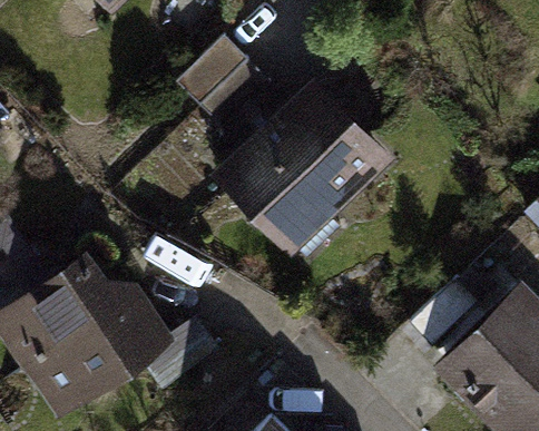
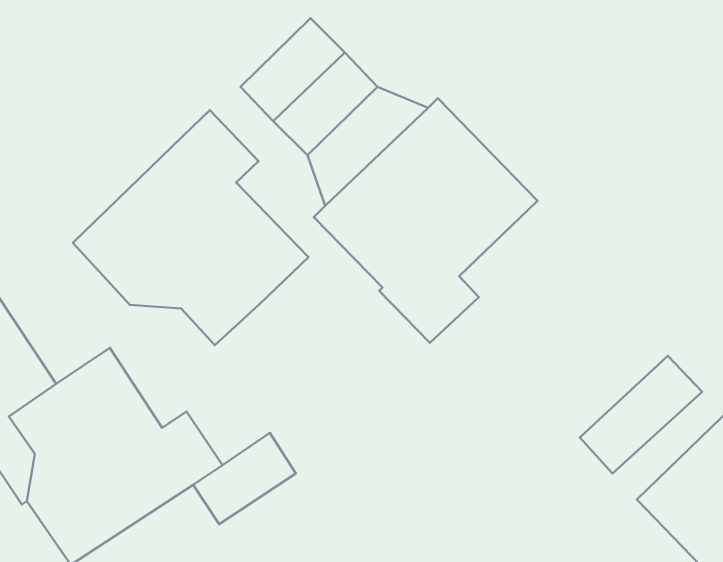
building: none -> [73,110,309,345]

